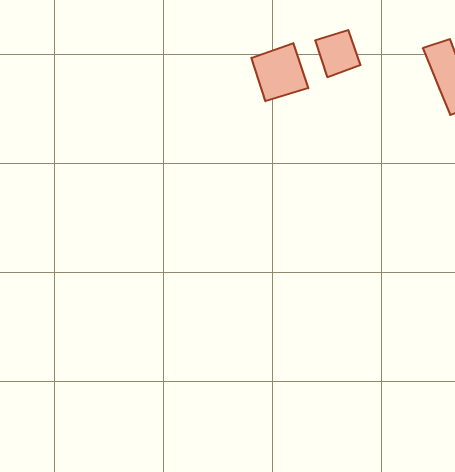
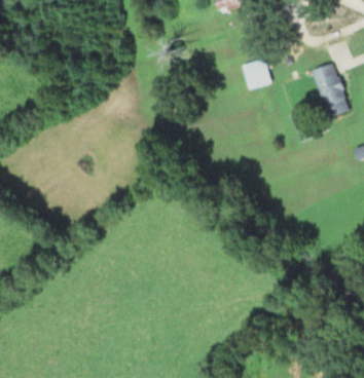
building: [251,43,308,101] -> none

